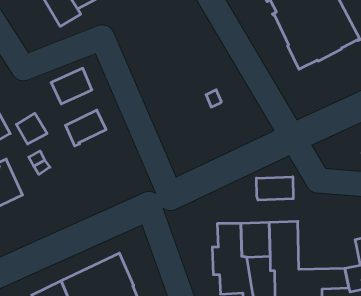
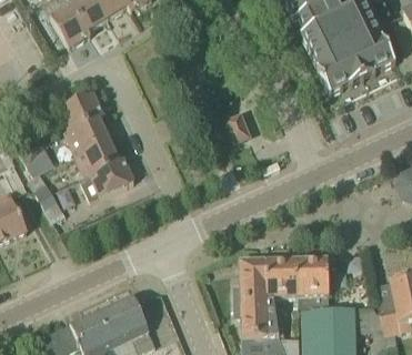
building: none -> [64,118,109,154]
building: none -> [80,156,134,201]
building: [256,177,293,200] -> none

